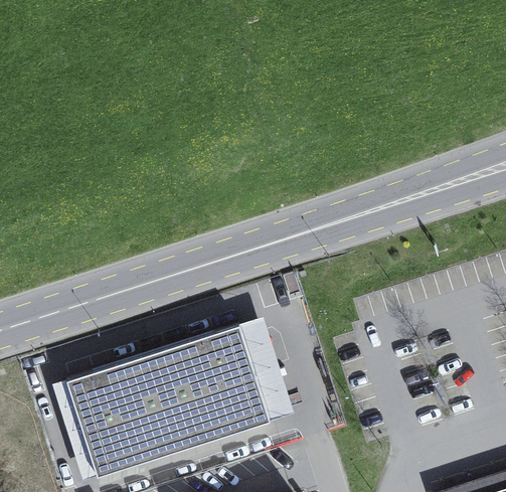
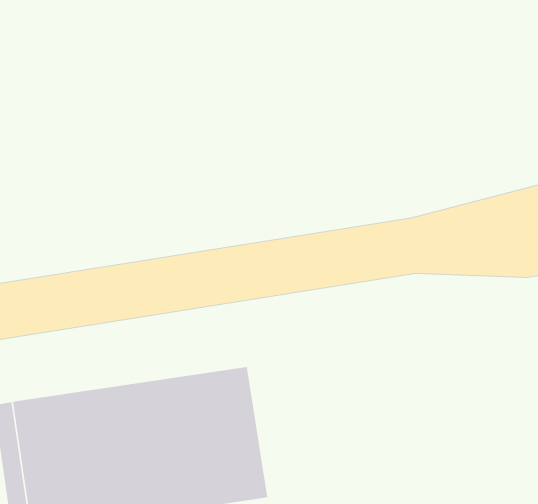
building: [239,320,294,423] -> none

